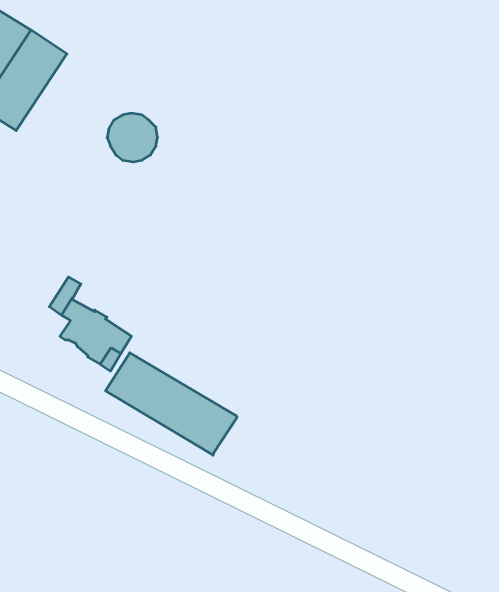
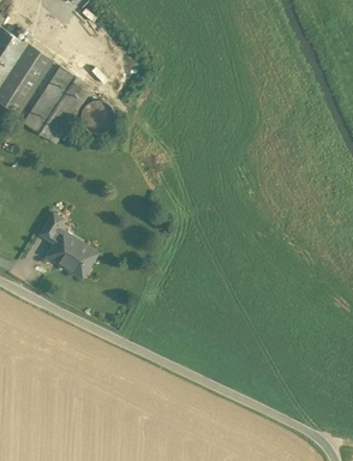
building: none -> [24,67,92,144]
building: [106,353,237,455] -> none

